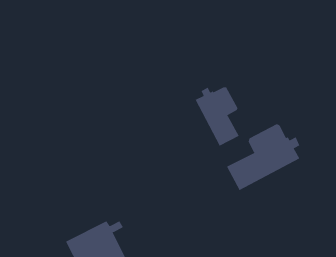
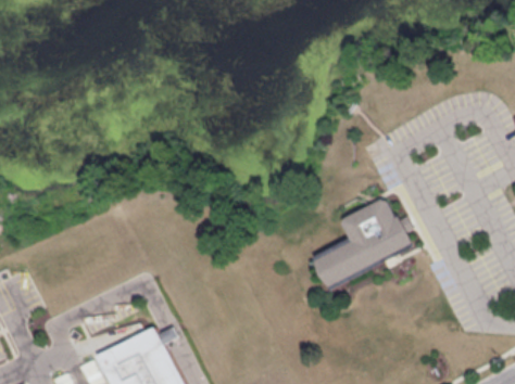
building: [195,86,240,147] -> none

